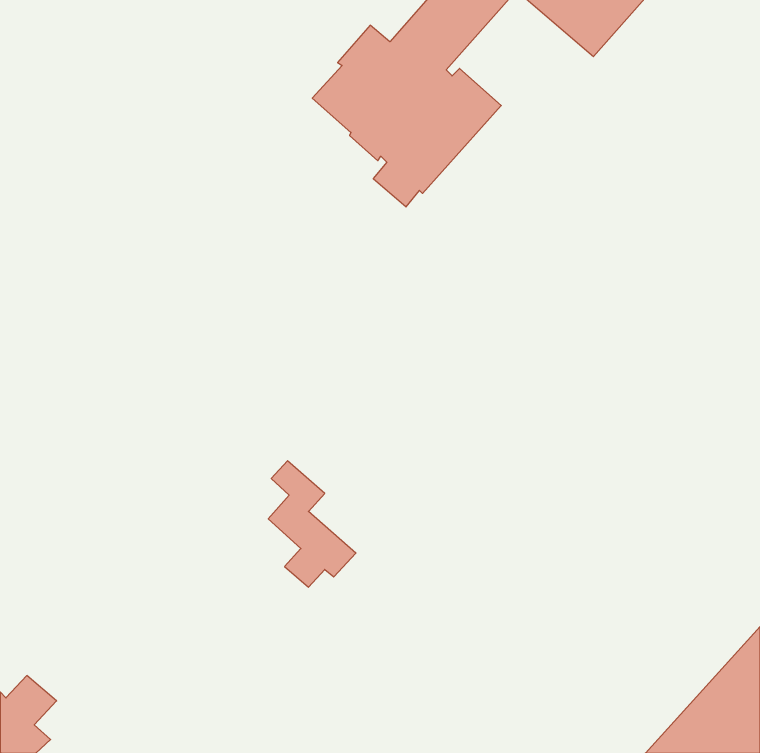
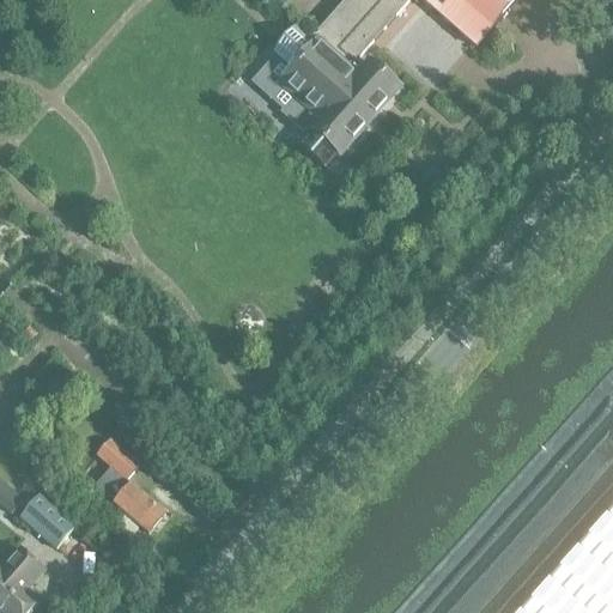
building: [268,461,356,587] -> [93,435,164,536]
building: none -> [22,490,78,544]

